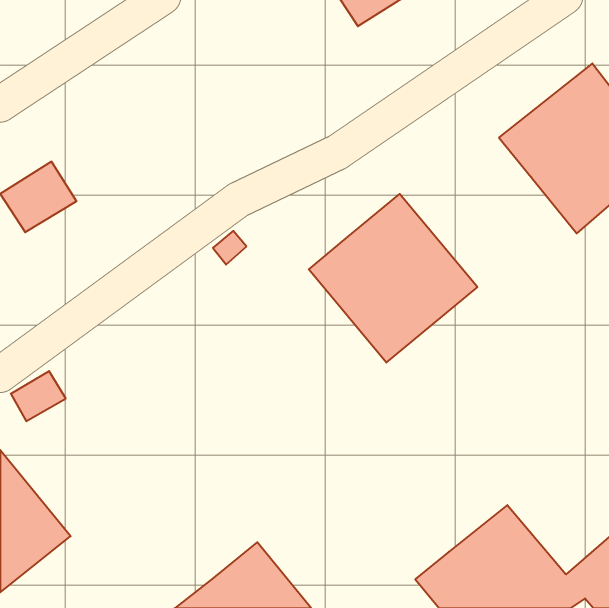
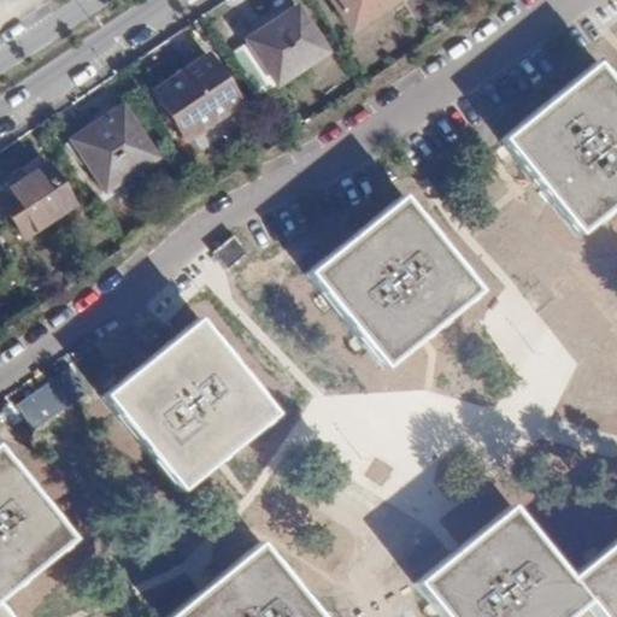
building: none -> [253,11,328,83]
building: none -> [158,59,246,142]
building: none -> [77,110,160,193]
building: none -> [110,319,280,489]

